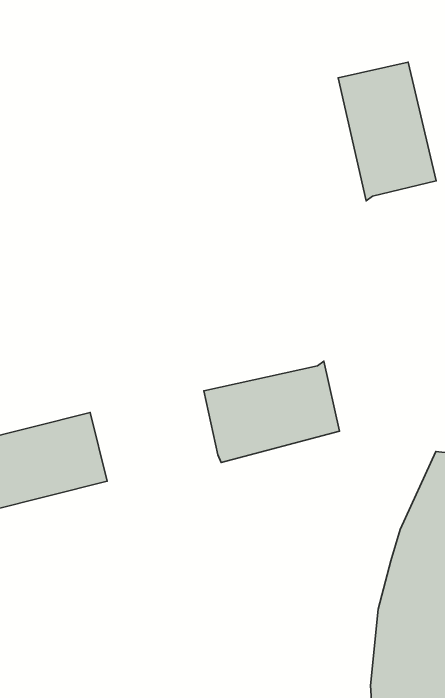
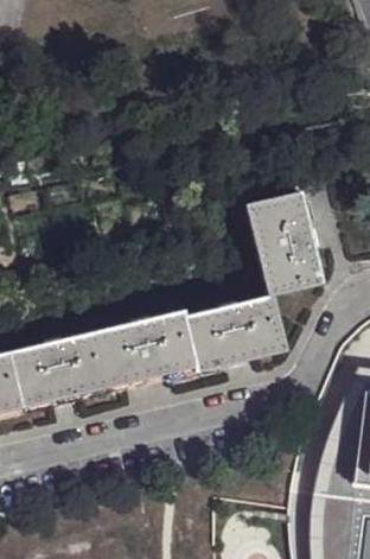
building: [338,62,436,201] -> [248,195,323,300]
building: none -> [96,315,193,388]

